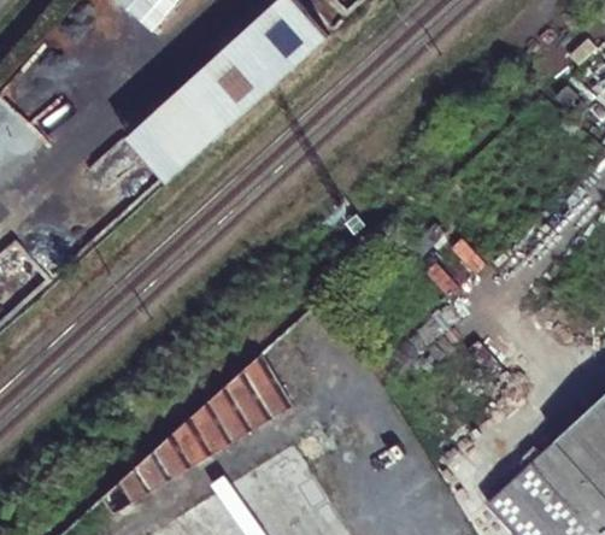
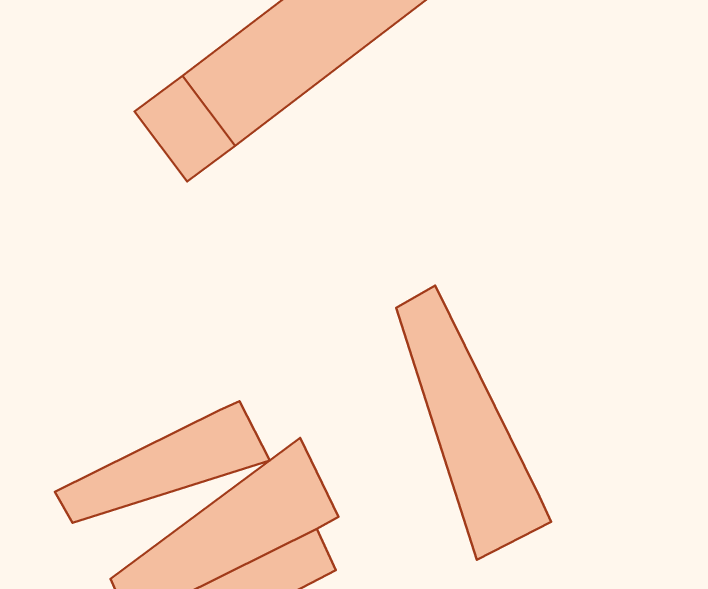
building: none -> [396,286,551,560]
building: none -> [55,401,270,523]

